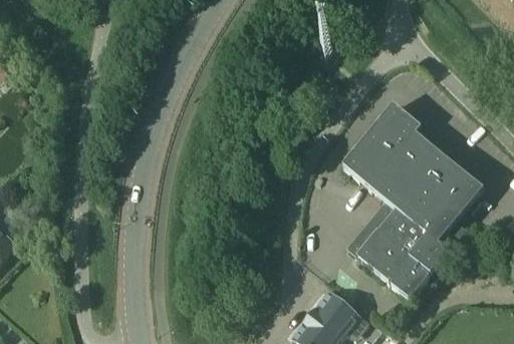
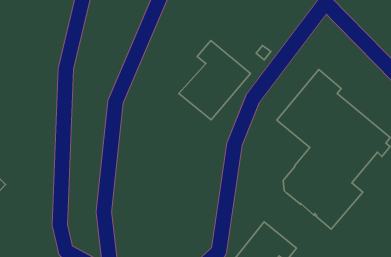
building: none -> [179,40,251,120]

